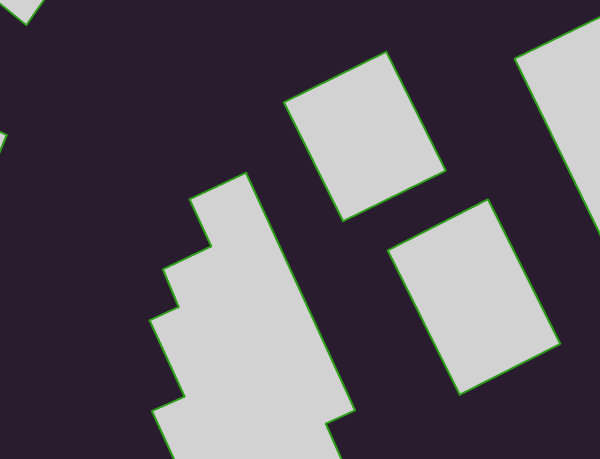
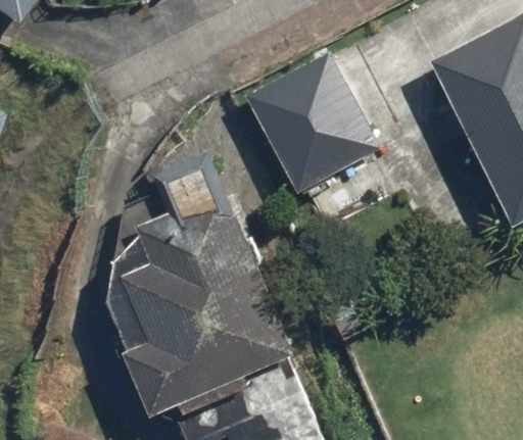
building: [388,199,560,395] -> none

